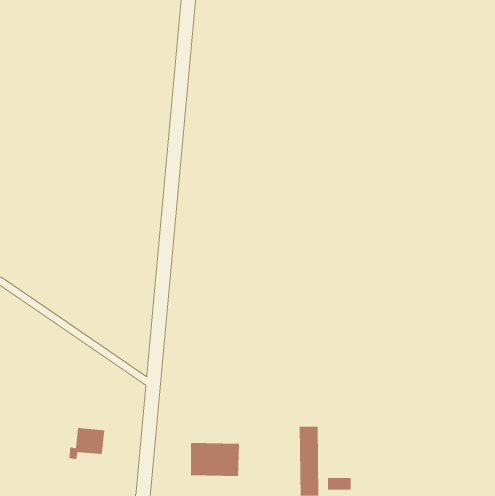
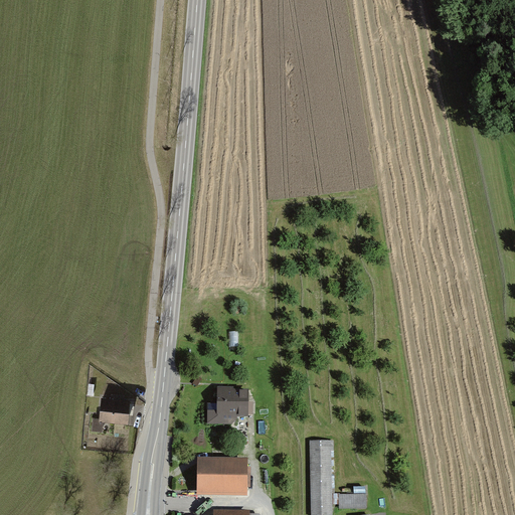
building: none -> [215,387,248,421]
building: [68,427,105,459] -> [92,398,130,432]

